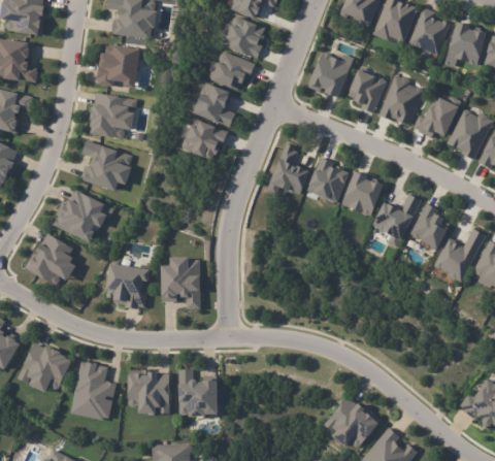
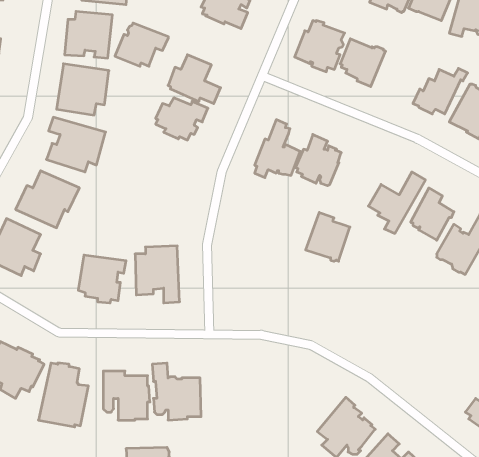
building: [205,52,254,91] -> [115,23,168,66]
building: [378,74,424,126] -> none
building: [342,171,383,216] -> [306,212,350,261]

